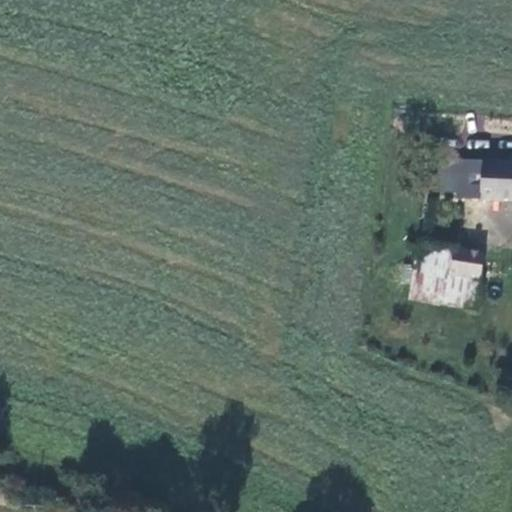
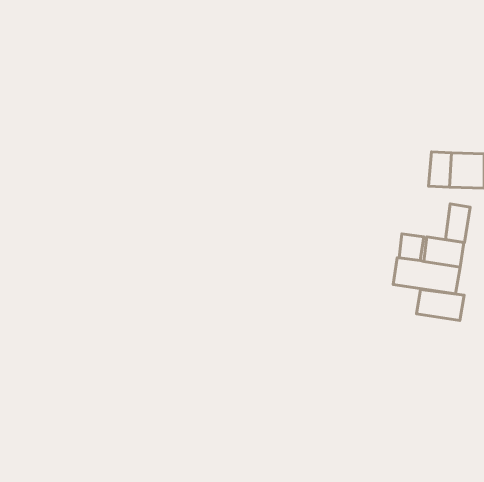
building: none -> [446,204,470,243]
building: none -> [416,290,464,321]

